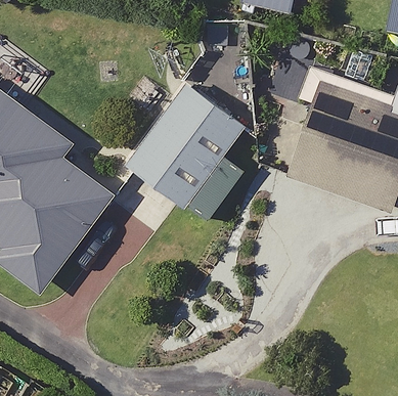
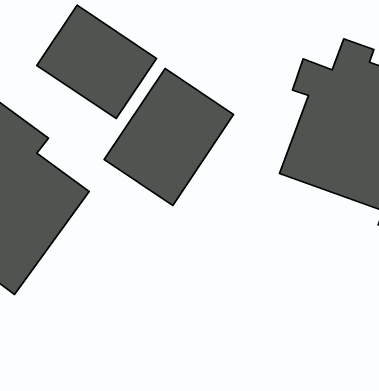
building: none -> [37,5,156,119]

